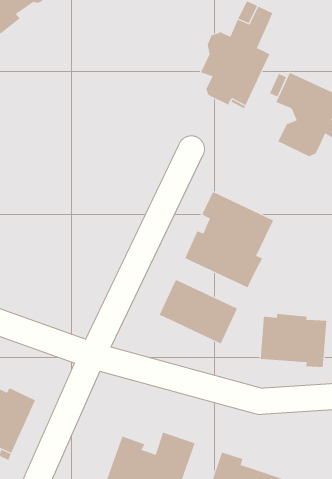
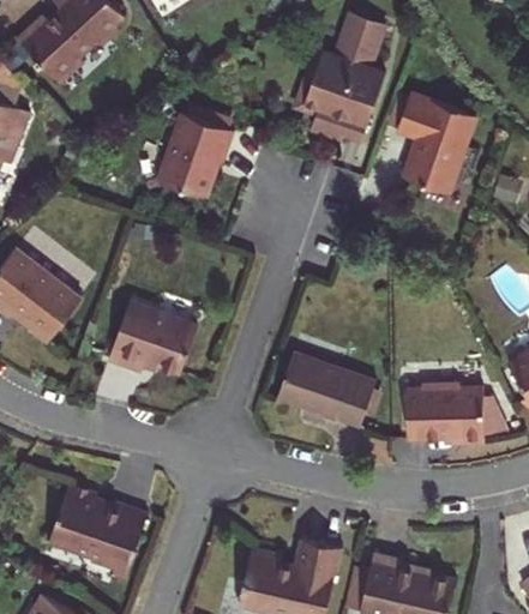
building: none -> [157,107,236,198]
building: [185,191,274,288] -> none
building: none -> [108,301,197,374]

